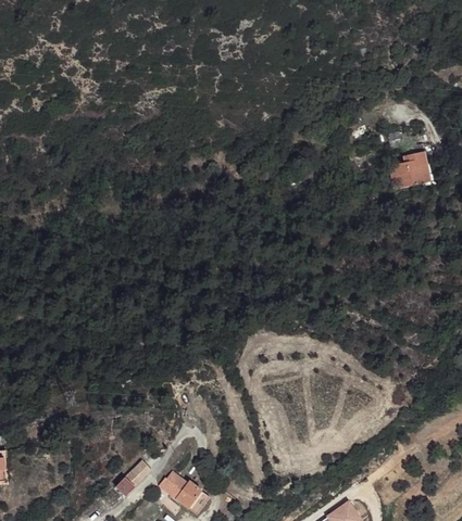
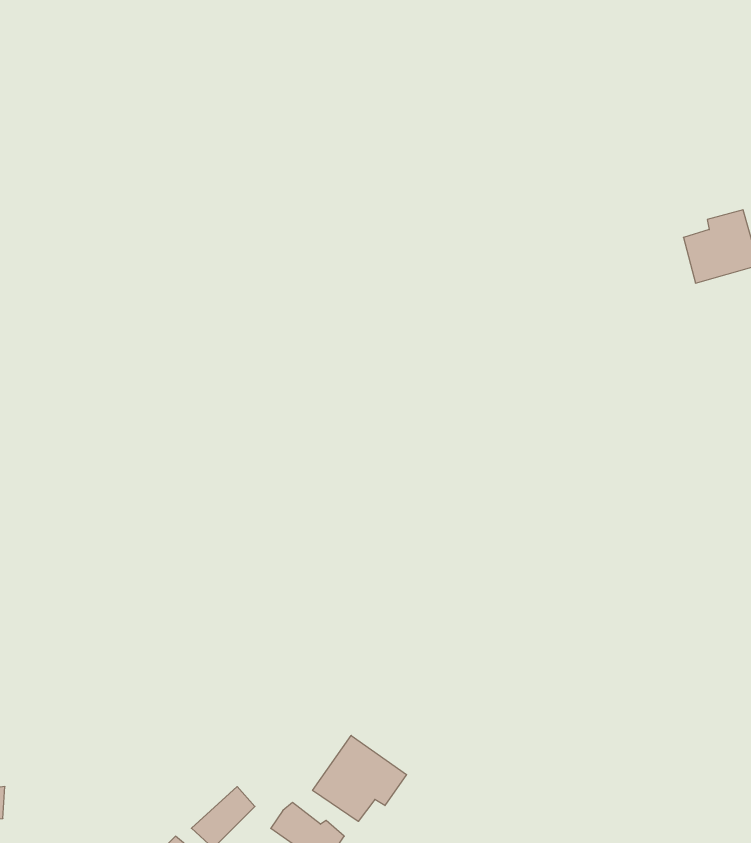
building: none -> [313,735,407,821]

